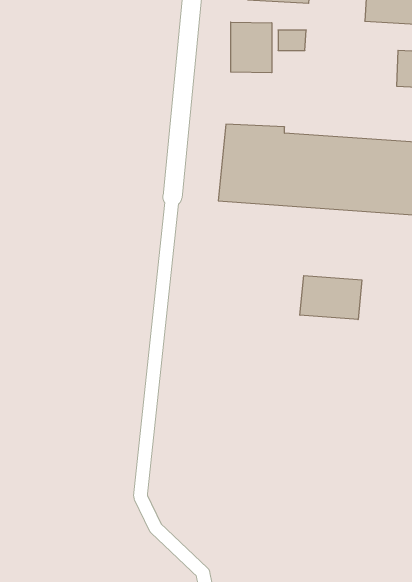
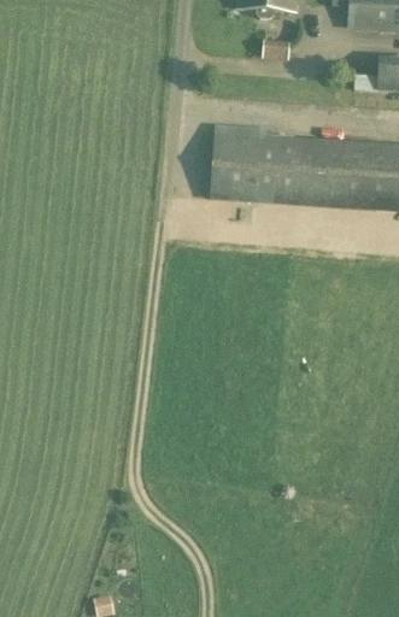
building: [231,22,272,73] -> none
building: [300,276,362,320] -> none

